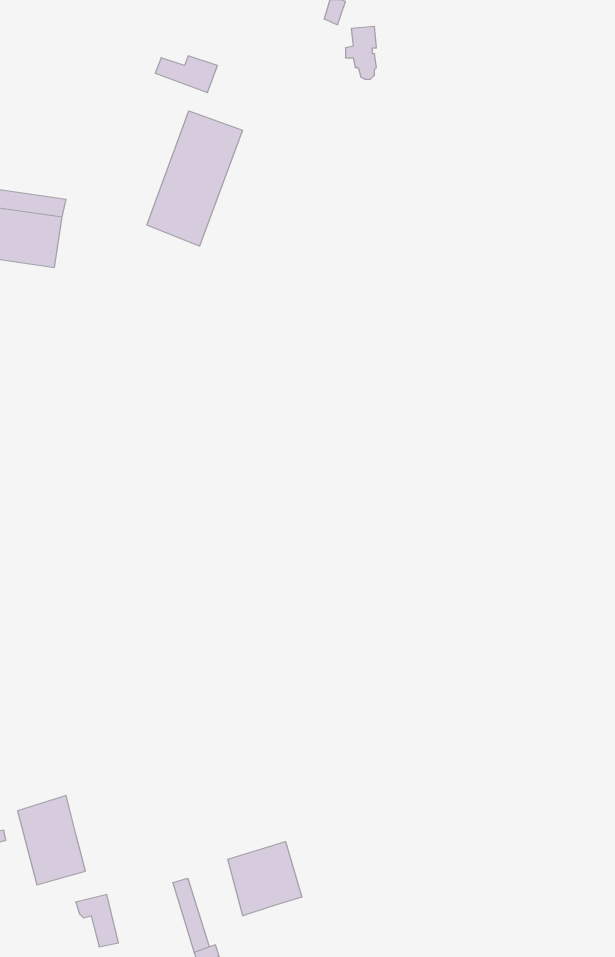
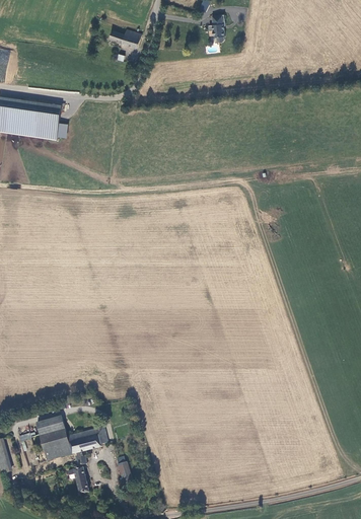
building: [147,111,243,246] -> none
building: none -> [67,426,107,455]
building: [228,842,302,916] -> none

